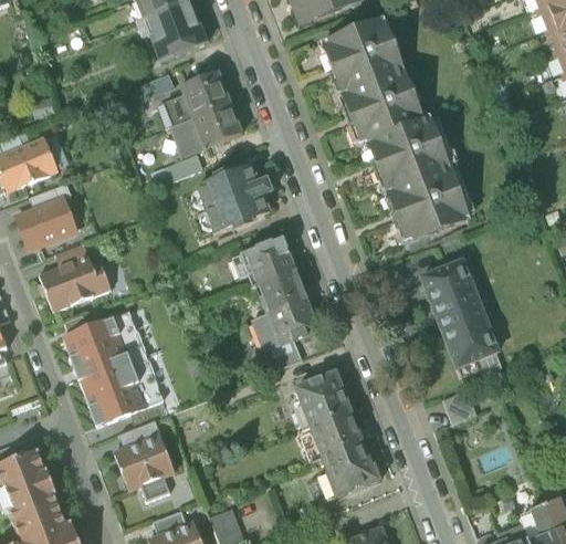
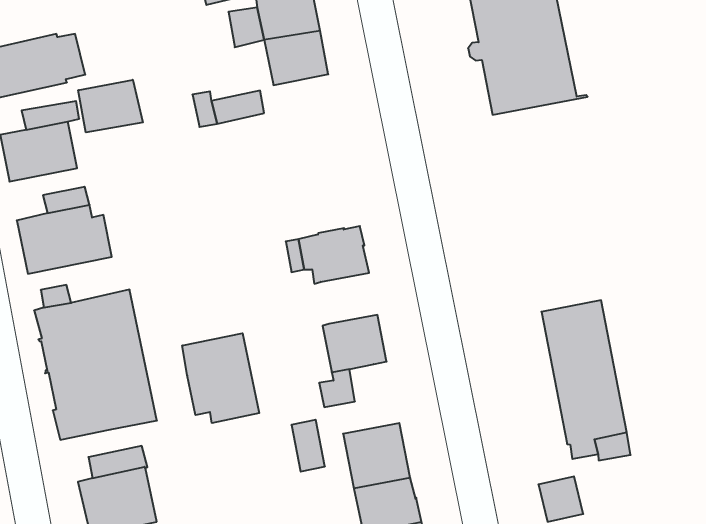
building: [172,117,205,156] -> none
building: [364,118,468,244] -> none
building: none -> [78,80,143,132]
building: [197,166,272,233] -> none
building: [262,269,307,311] -> none
building: [252,313,281,352] -> [291,420,325,472]
building: none -> [182,333,259,423]

